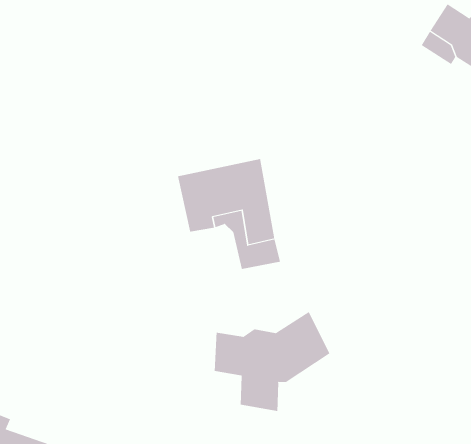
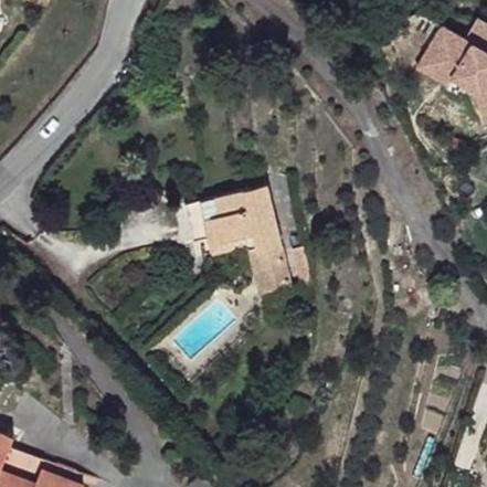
building: [214,311,330,412] -> none

